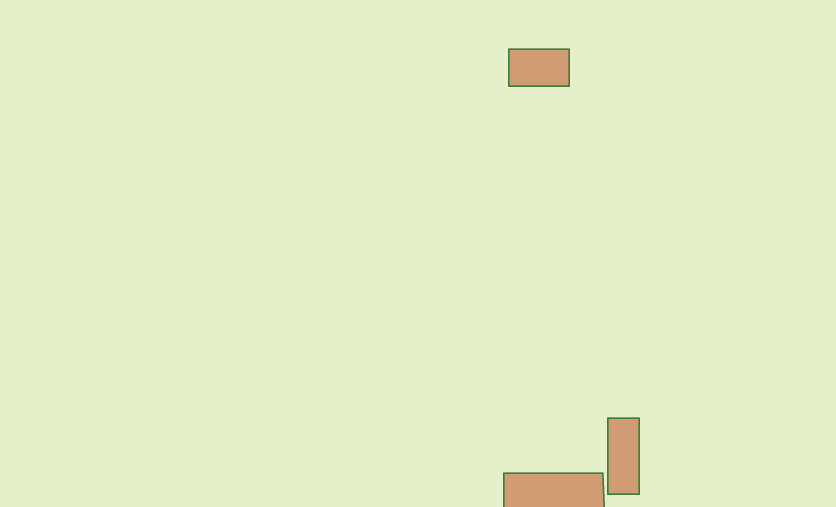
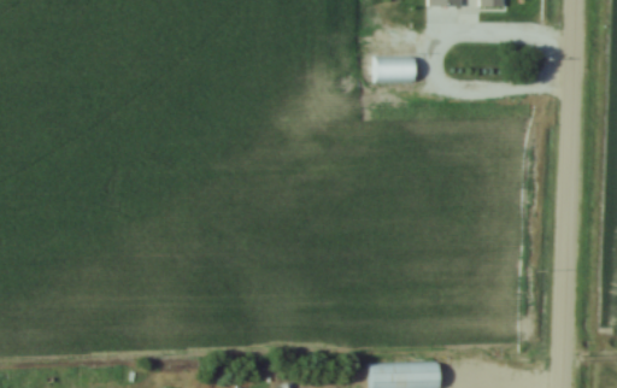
building: [608,418,639,494] -> none

